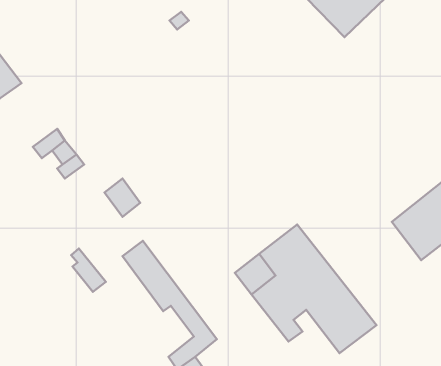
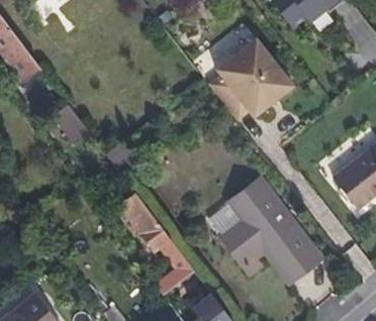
building: none -> [208,31,292,124]

